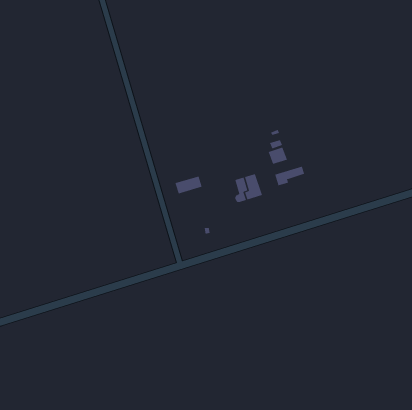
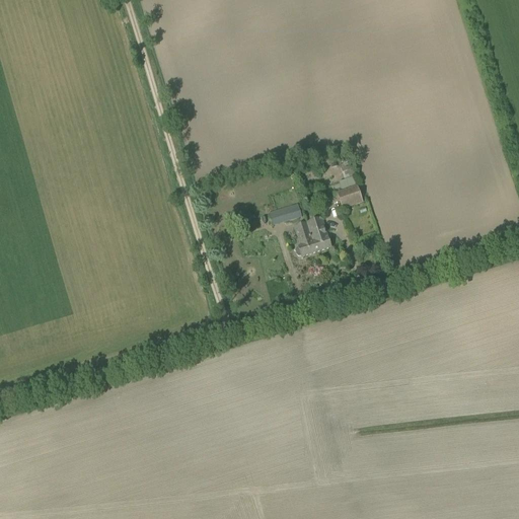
building: [274,166,305,186] -> none
building: [175,176,202,194] -> [268,202,302,225]

